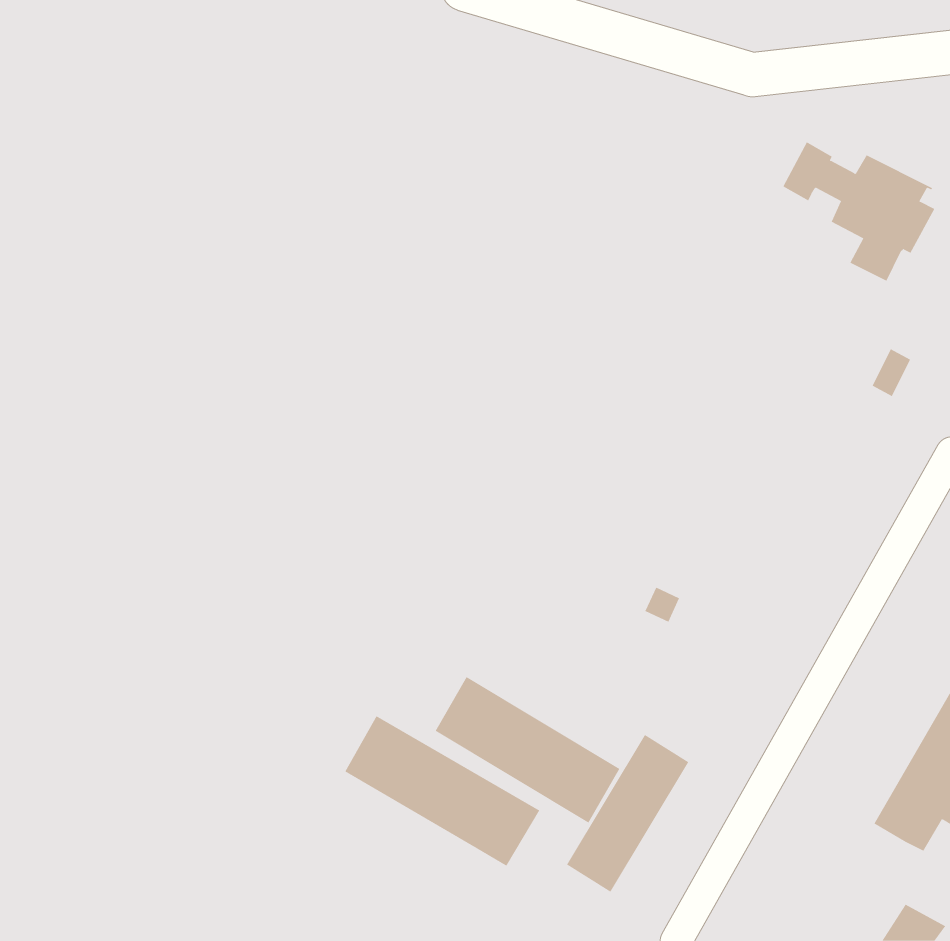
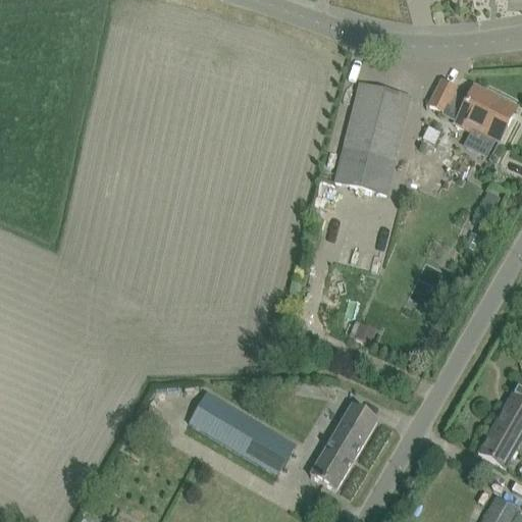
building: none -> [335,81,411,193]
building: [435,676,620,824] -> none

